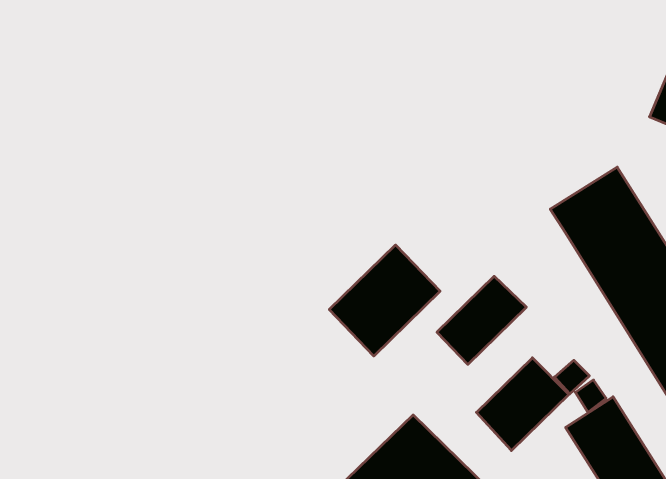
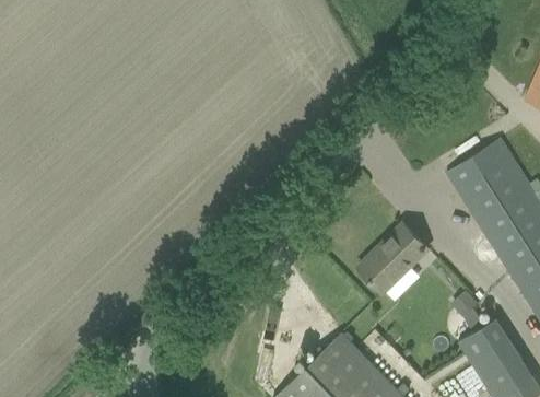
building: [329,245,440,356] -> none
building: [476,358,569,451] -> none

